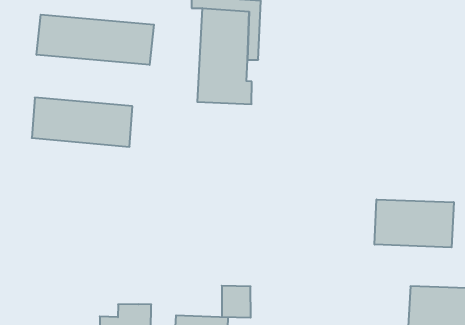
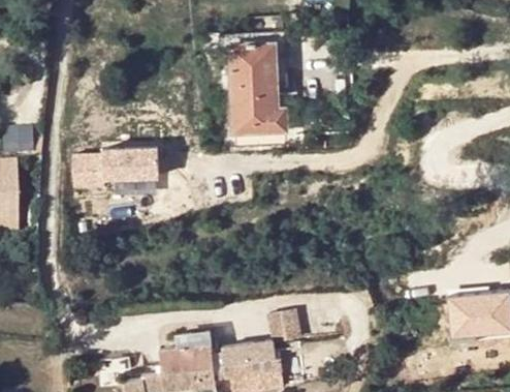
building: [37,15,154,65] -> none
building: [375,199,454,247] -> none

